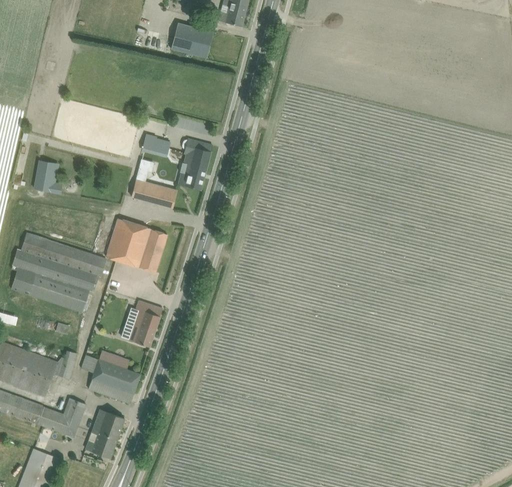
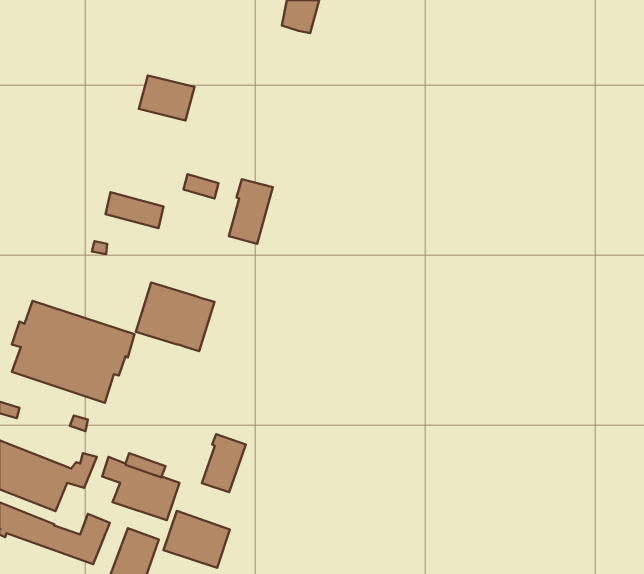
building: [170,23,213,58] -> [139,75,194,121]
building: [34,160,61,193] -> none
building: [131,179,176,207] -> [105,192,164,228]
building: [128,301,162,346] -> [202,434,246,492]
building: none -> [163,511,230,568]

